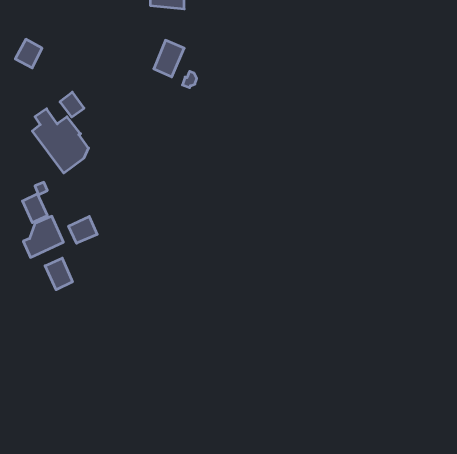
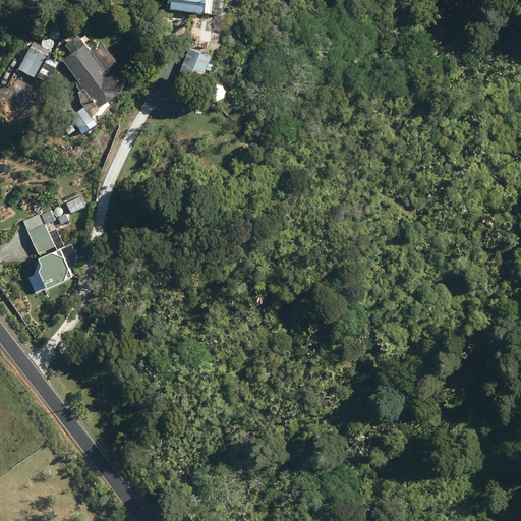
building: [32,109,89,173] -> [61,34,125,107]
building: [69,216,97,243] -> none
building: [45,258,72,290] -> none

